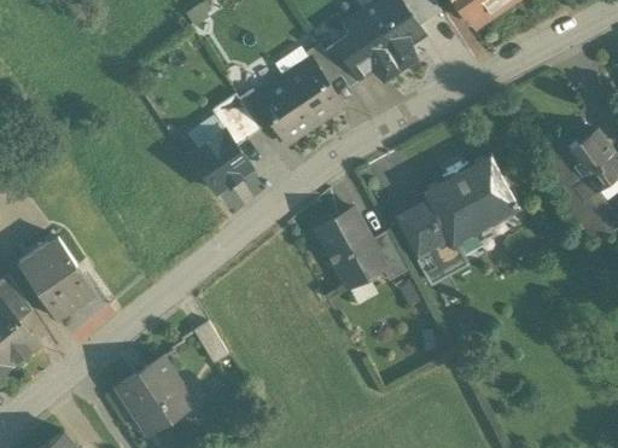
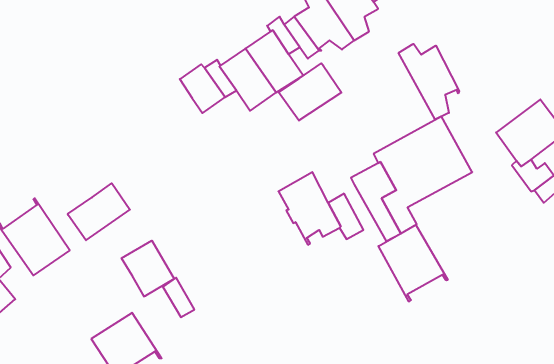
building: none -> [399,44,459,120]
building: none -> [279,63,341,121]
building: [190,130,251,192] -> none
building: none -> [68,183,130,240]
building: none -> [378,225,448,302]
building: none -> [122,241,174,297]

